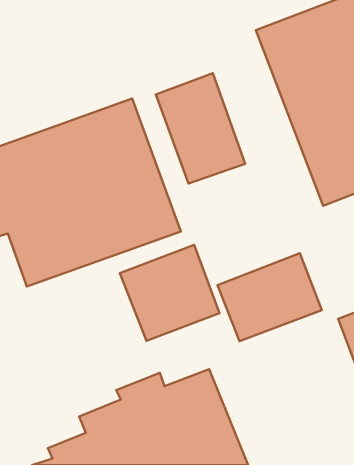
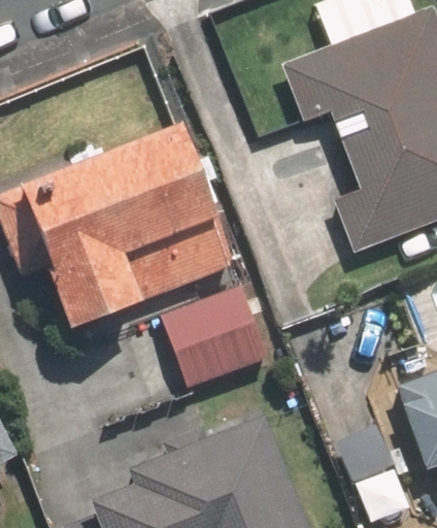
building: [156,73,245,183] -> none
building: [217,253,322,341] -> none

